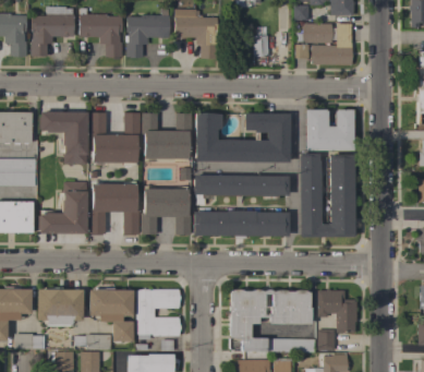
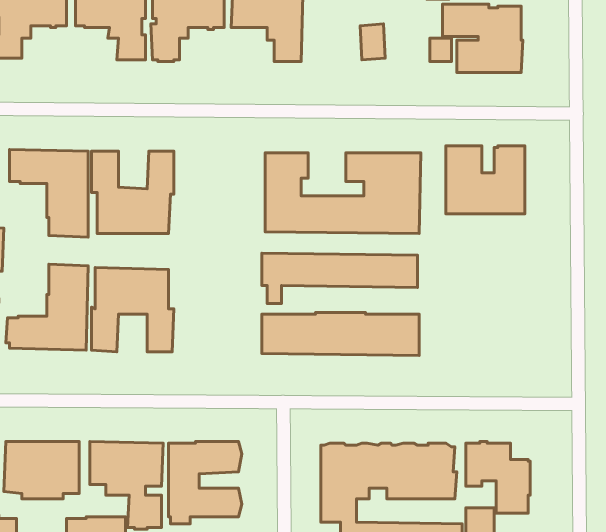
building: [142,112,191,159] -> none
building: [300,153,354,237] -> none
building: [141,189,191,235] -> none

